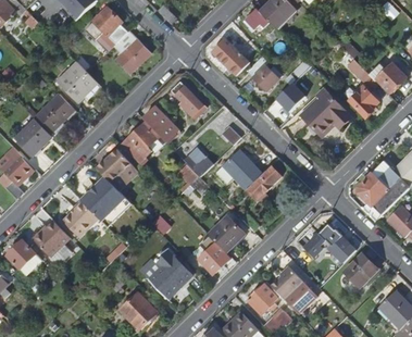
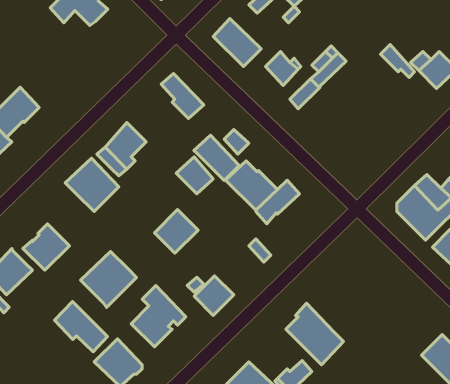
building: [114,28,151,73] -> none
building: [57,61,96,100] -> none
building: [347,87,376,117] -> none
building: [298,90,349,137] -> none
building: [141,105,177,141] -> [194,135,239,180]
building: [79,176,124,221] -> [80,251,137,307]
building: [210,217,245,252] -> [154,210,198,253]
building: [302,222,355,261] -> none
building: [344,252,376,285] -> none
building: none -> [55,301,108,352]
building: [246,282,277,313] -> none

